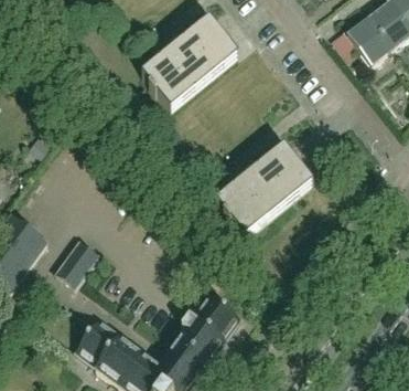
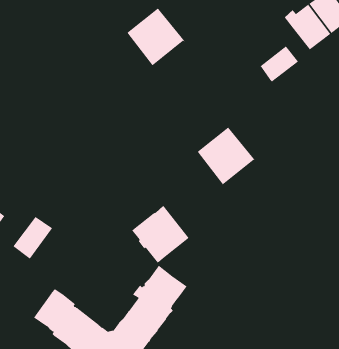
building: [141,45,204,109] -> none
building: none -> [260,46,299,82]
building: [216,172,279,236] -> [131,205,190,265]

